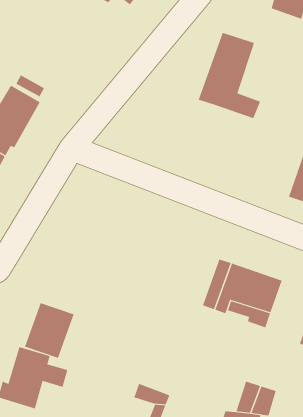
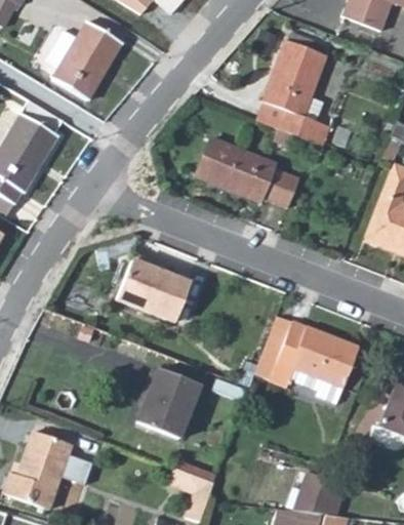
building: none -> [57,14,131,91]
building: none -> [198,146,300,210]
building: none -> [117,255,190,314]
building: [24,302,74,358] -> [139,365,201,434]

